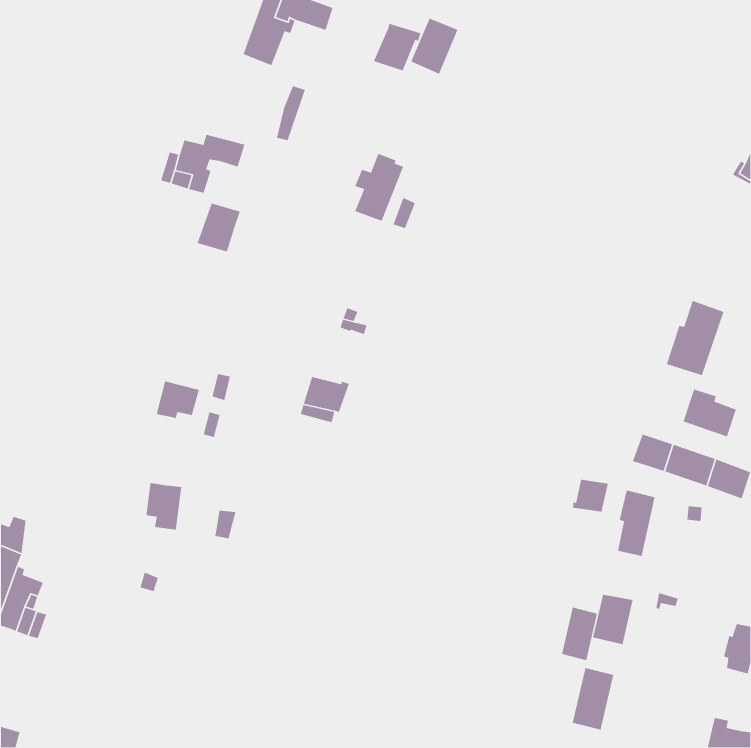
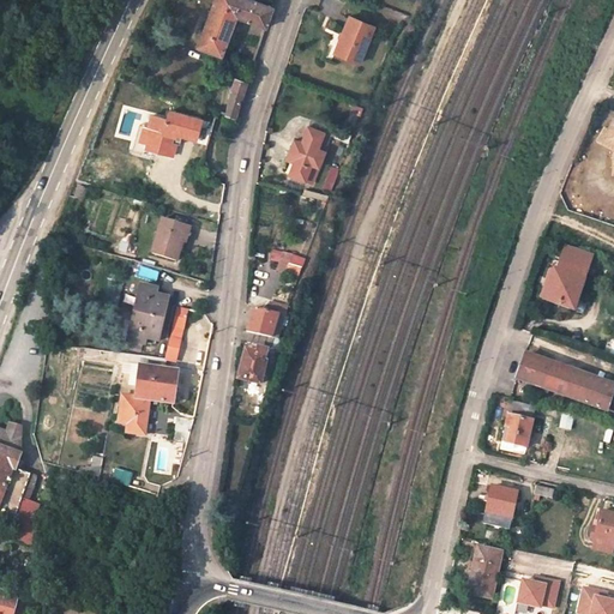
building: [373,23,422,72] -> none
building: [197,202,241,252] -> [151,217,187,258]
building: none -> [134,283,168,318]
building: [683,389,737,437] -> none
building: none -> [237,345,266,383]
building: none -> [120,351,177,401]
building: [572,479,609,512] -> none
building: [561,606,598,661] -> none
building: none -> [517,577,558,606]

